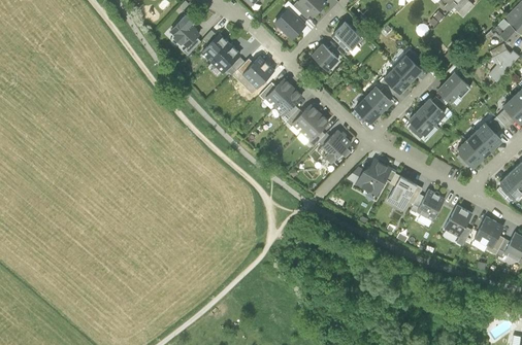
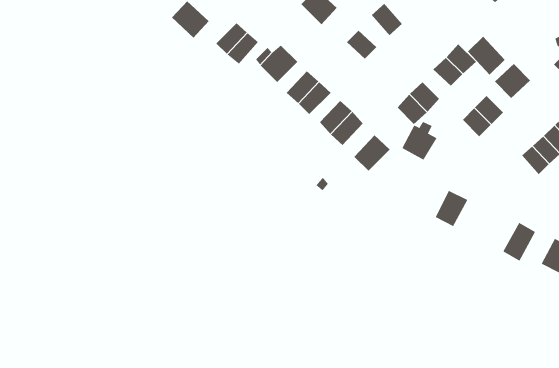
building: none -> [467,36,506,75]
building: [358,162,388,195] -> [402,121,437,160]
building: [420,191,446,219] -> none

